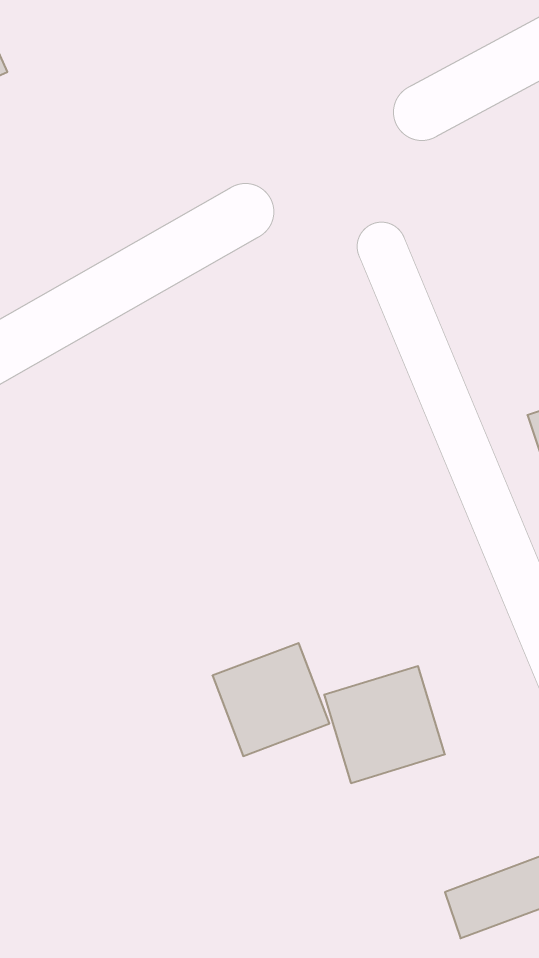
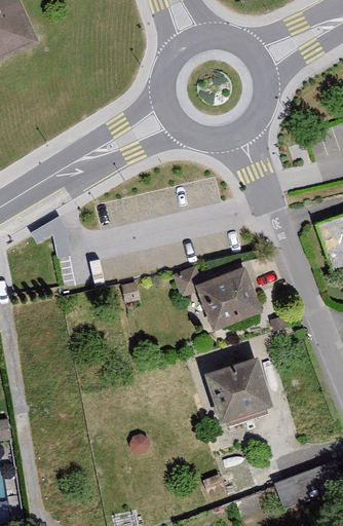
building: [212,643,329,756] -> [198,269,261,330]

